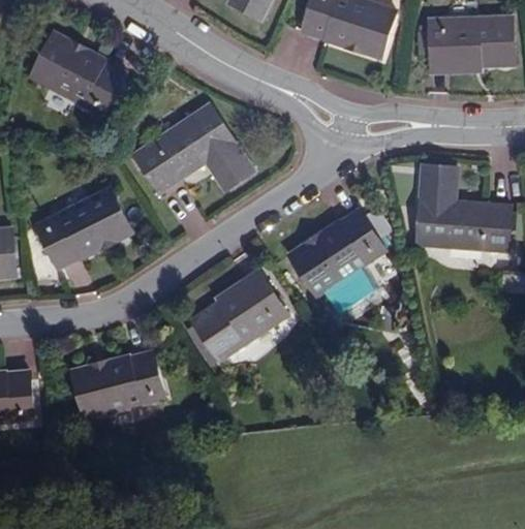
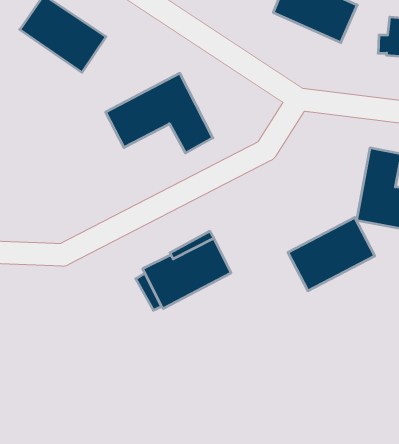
building: [36,188,130,268] -> none
building: [289,210,383,294] -> [288,217,375,291]
building: [71,352,163,417] -> none

